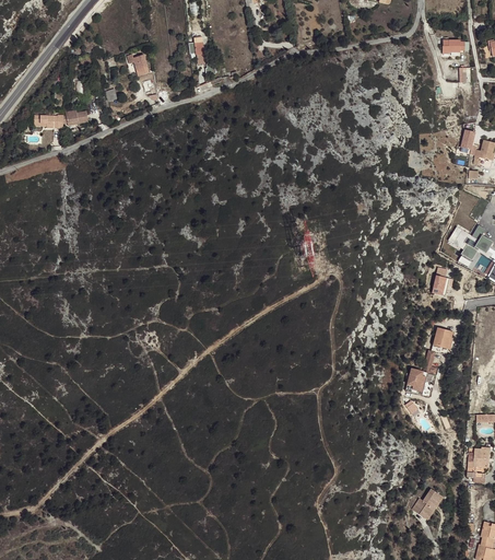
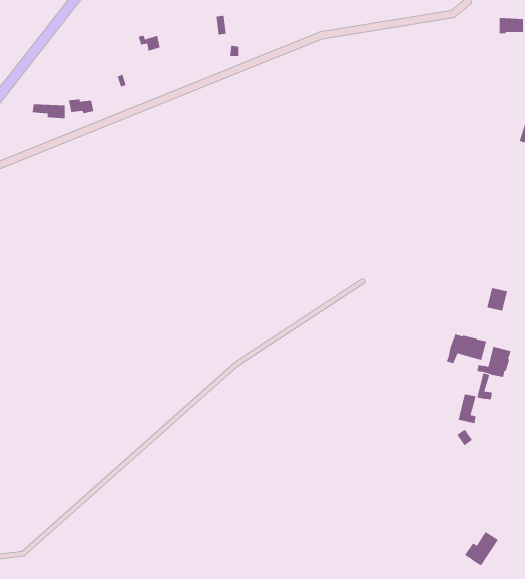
building: none -> [446,333,487,364]

